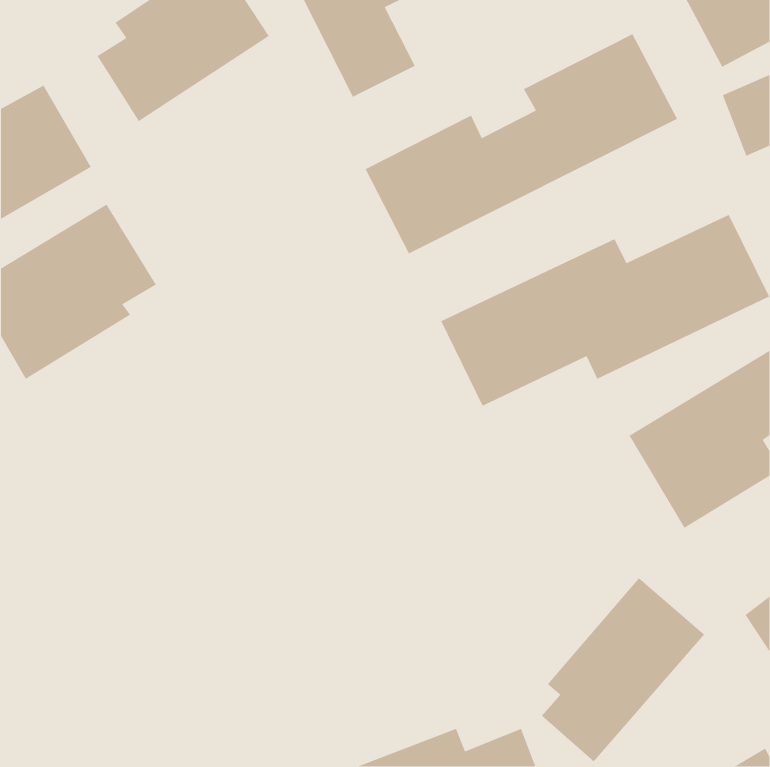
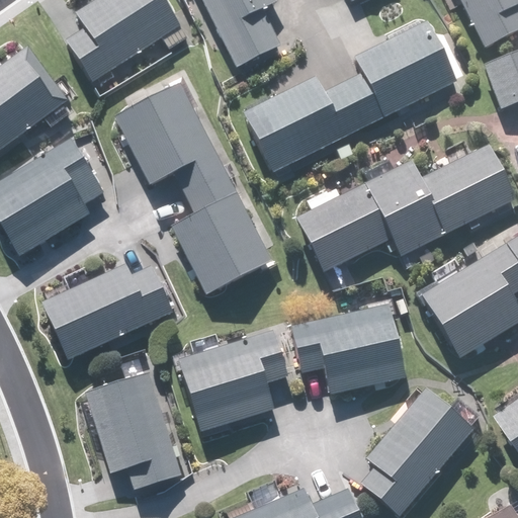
building: none -> [120,82,270,291]
building: none -> [40,260,172,360]
building: none -> [289,303,408,393]
building: none -> [178,328,289,432]
building: none -> [86,371,181,487]

